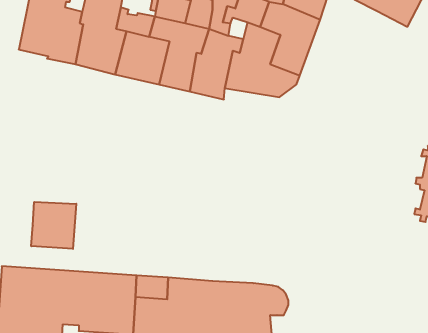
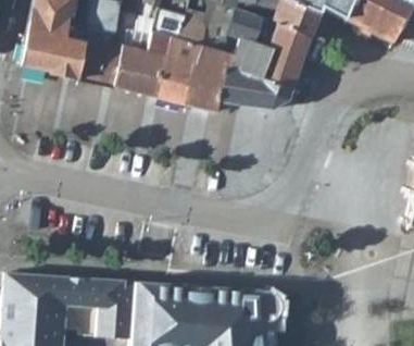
building: [31,202,76,249] -> none

